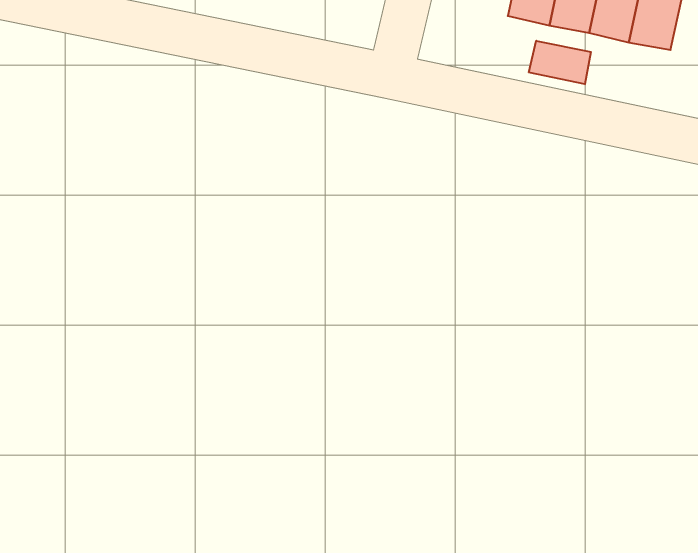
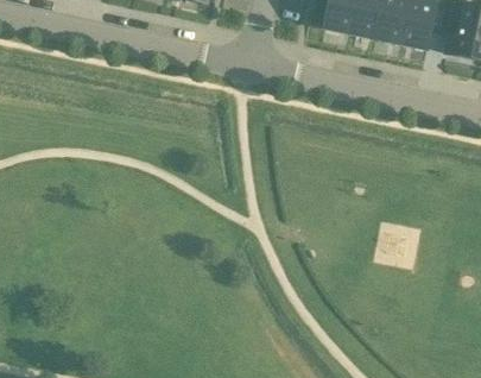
building: [529,41,591,84] -> none

